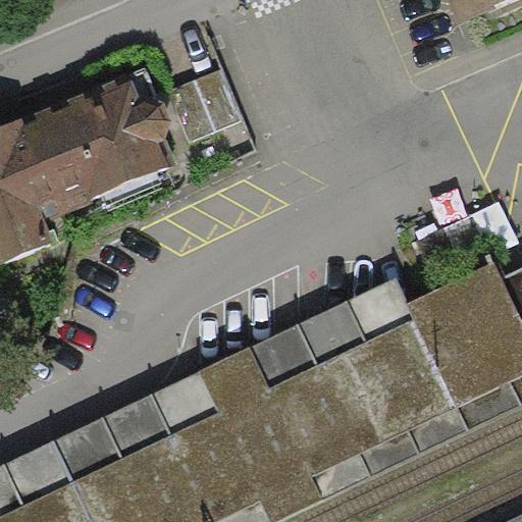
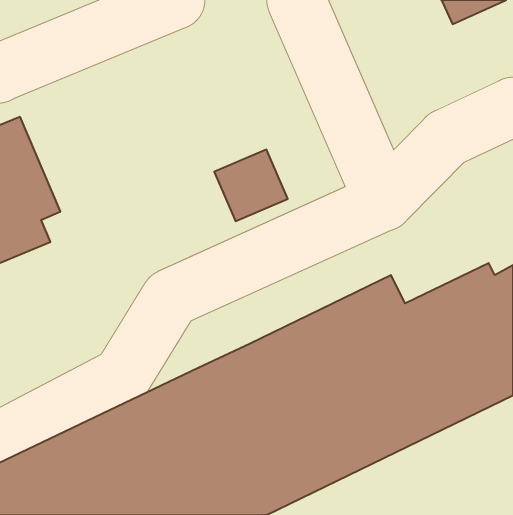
building: [168,69,243,142] -> [214,150,288,221]
building: [20,73,169,214] -> none

